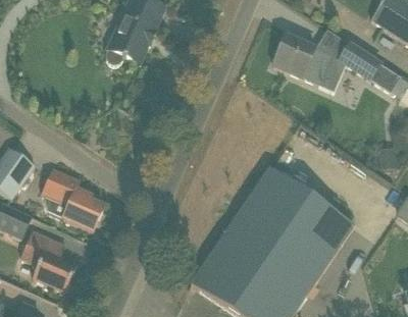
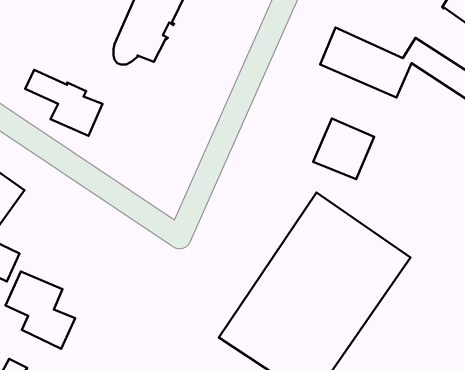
building: none -> [313,118,374,179]
building: [43,176,105,229] -> [25,70,103,136]

